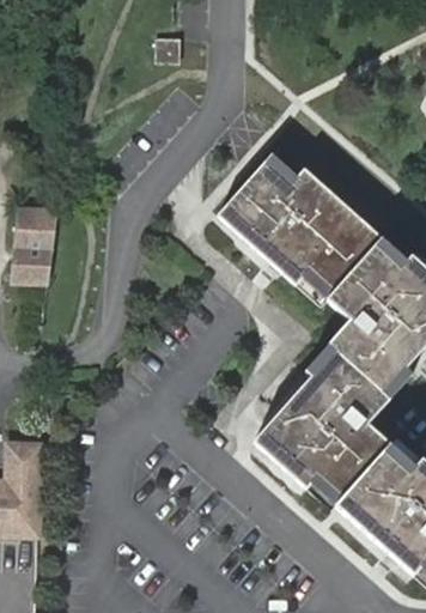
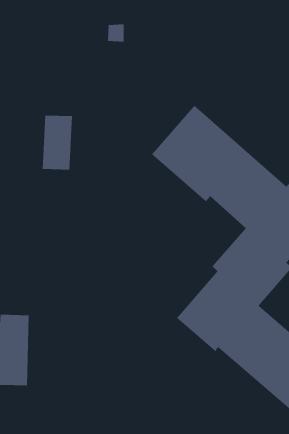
building: [12,207,55,284] -> [42,115,73,170]

